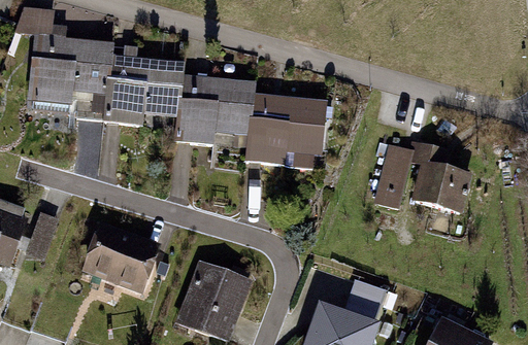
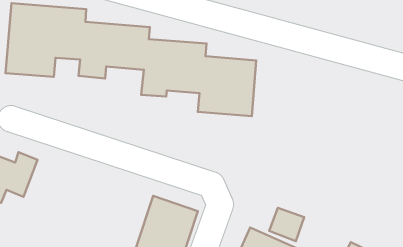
building: [370,141,472,211] -> none
building: [84,227,161,292] -> none

